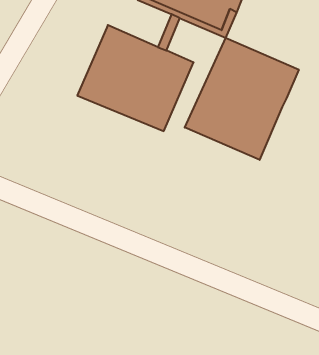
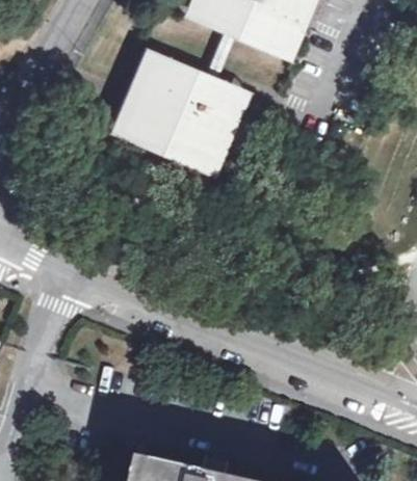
building: [185,38,299,160] -> none

